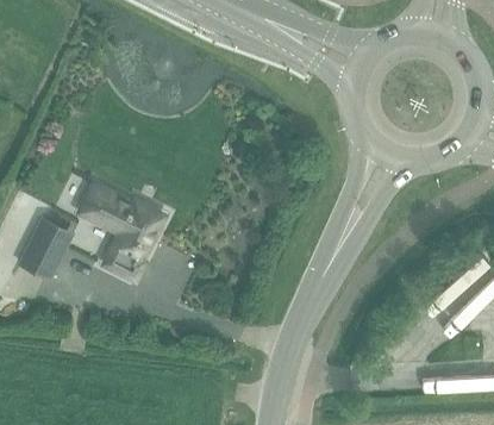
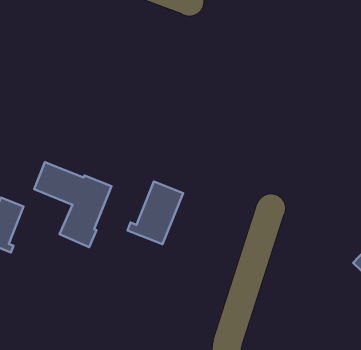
building: none -> [128,182,183,244]

